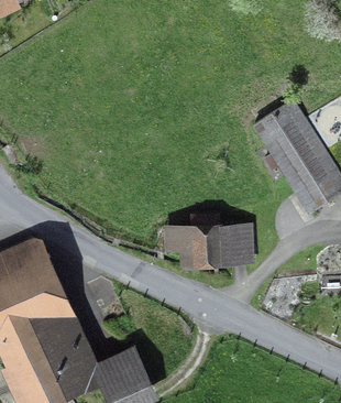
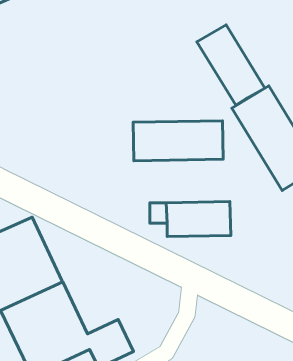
building: none -> [197,25,265,105]
building: none -> [133,121,223,161]

